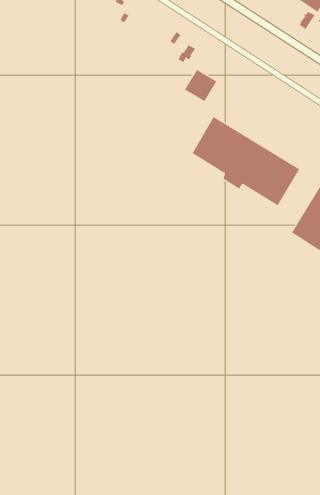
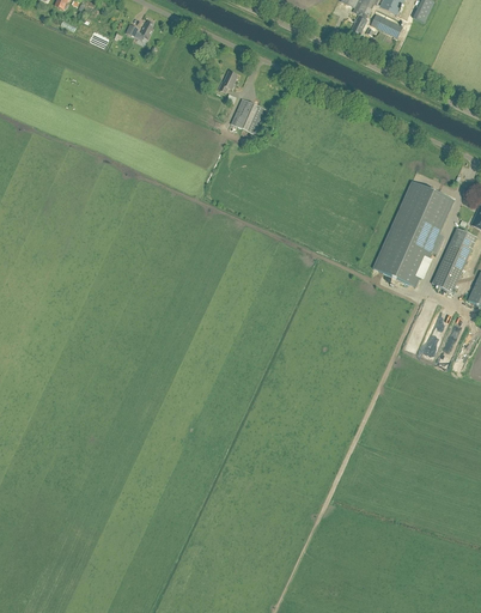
building: [192,116,300,206] -> none

